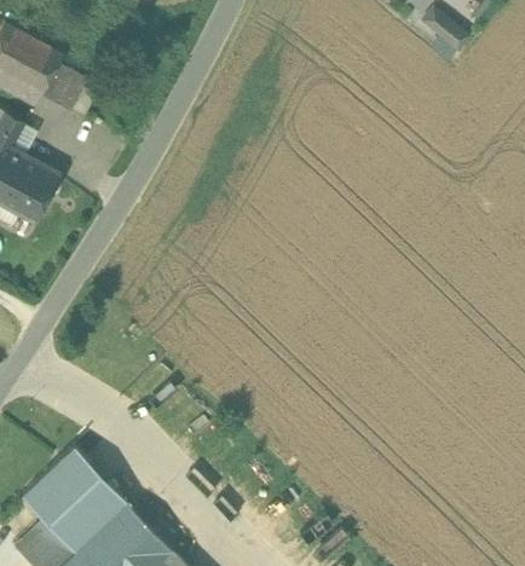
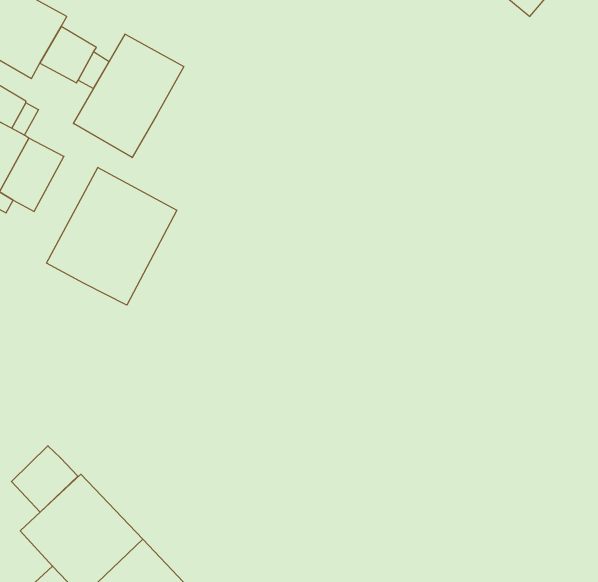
building: none -> [73,34,184,158]
building: none -> [47,167,177,305]
building: none -> [11,446,78,512]

